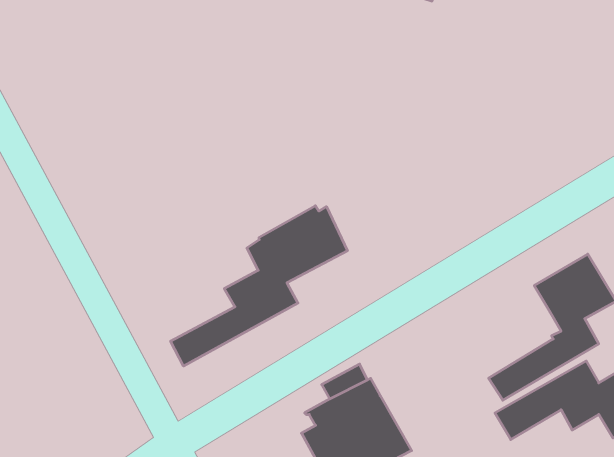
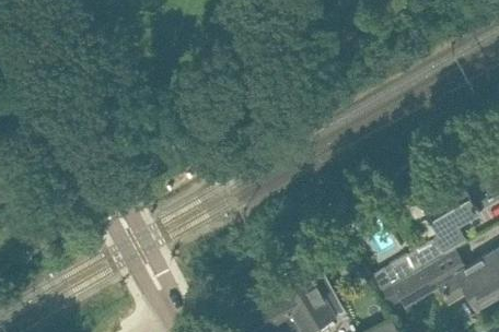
building: [171,206,347,366] -> none

